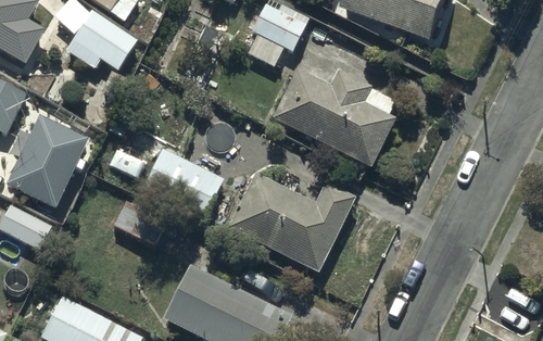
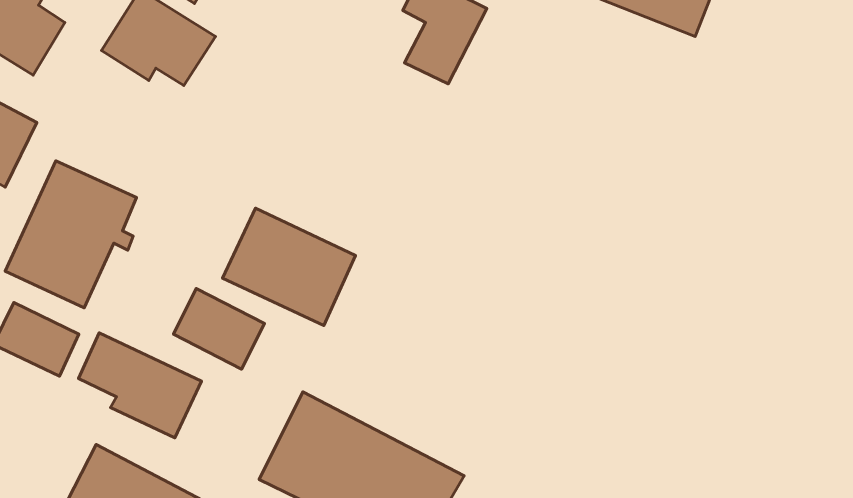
building: [272,68,394,165] -> none
building: [226,170,353,269] -> none
building: none -> [78,333,202,438]

